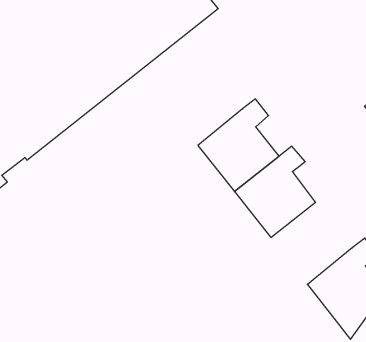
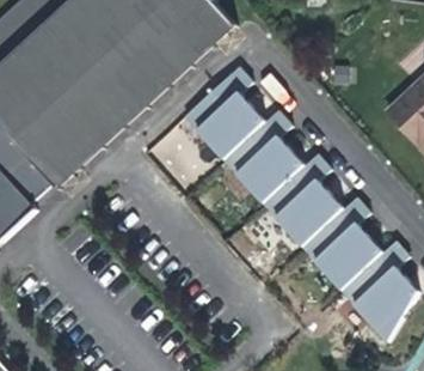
building: none -> [184,68,265,162]
building: none -> [302,199,383,292]

